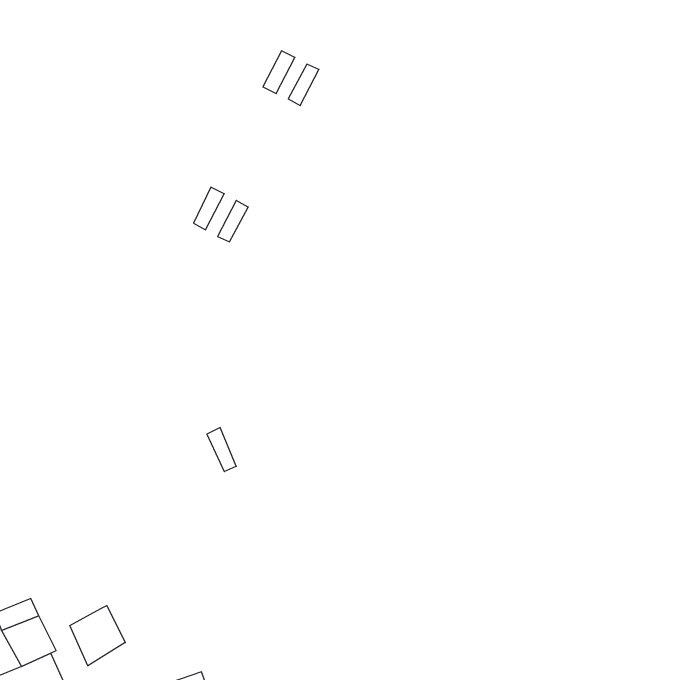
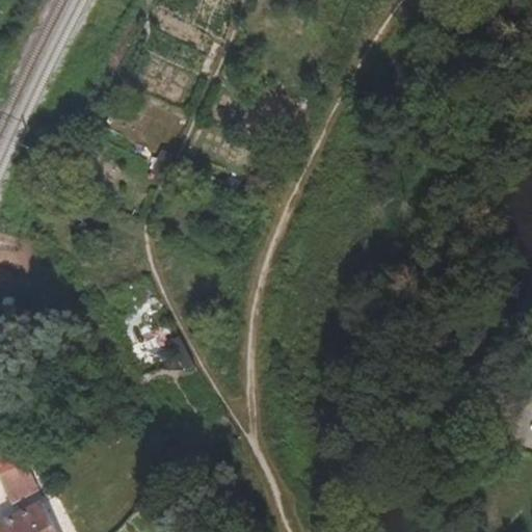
building: [70,606,125,666] -> none

